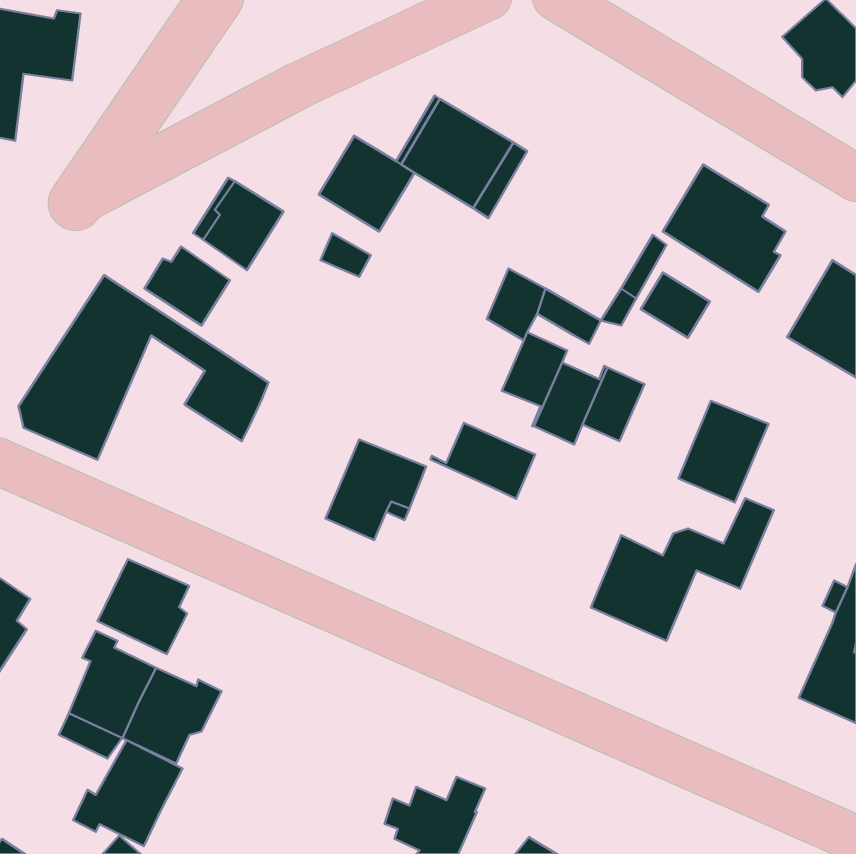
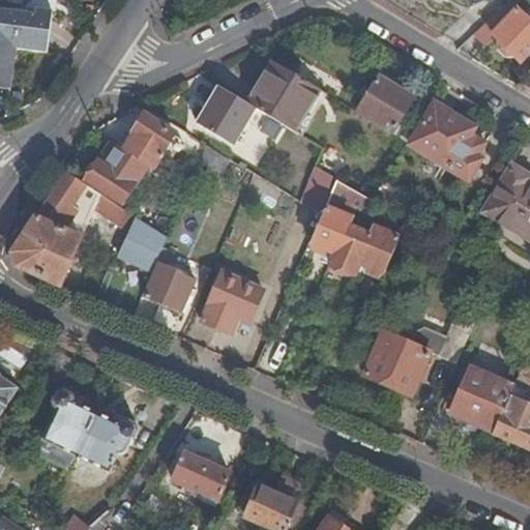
building: none -> [356,73,413,130]
building: [641,273,710,338] -> none
building: none -> [144,246,194,312]
building: [679,401,768,503] -> none
building: [430,423,535,499] -> none
building: [98,559,189,654] -> none
building: none -> [449,364,513,431]
building: none -> [172,453,228,506]
building: [73,740,183,846] -> none

